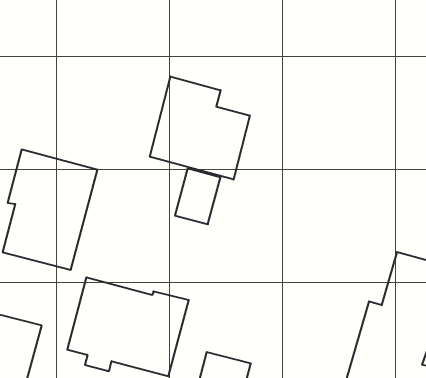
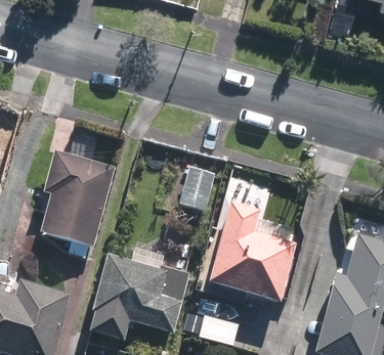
building: [150,76,250,180] -> none
building: none -> [207,201,298,303]

